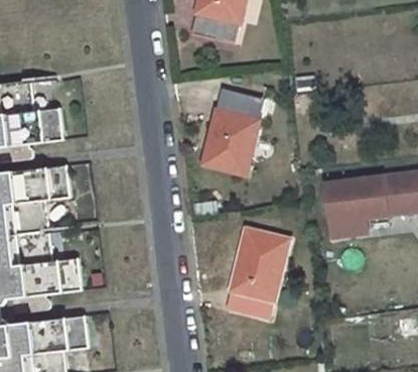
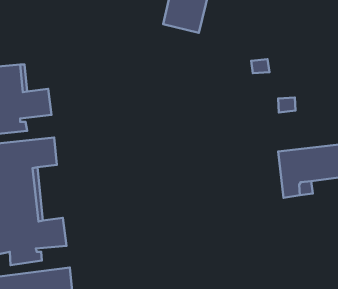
building: [204,89,264,173] -> none
building: [225,229,288,320] -> none

